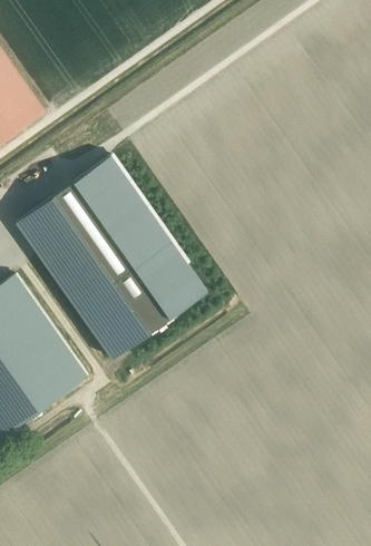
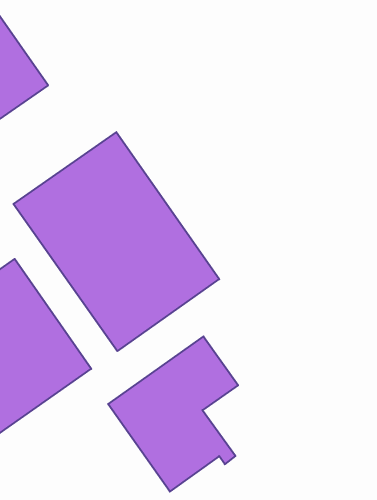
building: none -> [108,336,238,492]

